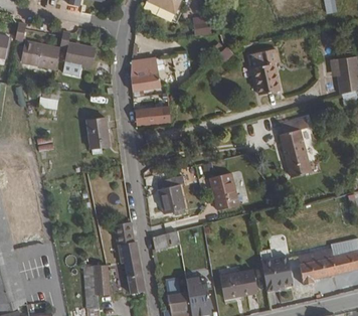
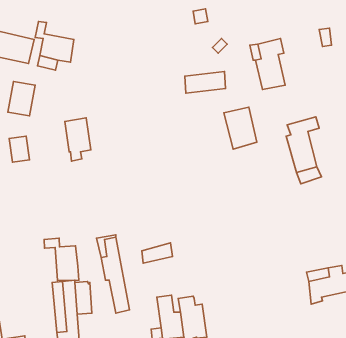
building: [131,58,163,91] -> none
building: [135,106,171,125] -> [185,72,226,93]
building: [211,172,240,209] -> [224,107,257,149]
building: [158,178,186,214] -> none
building: none -> [44,238,79,281]
building: [260,257,288,291] -> none
building: [220,270,256,298] -> none

